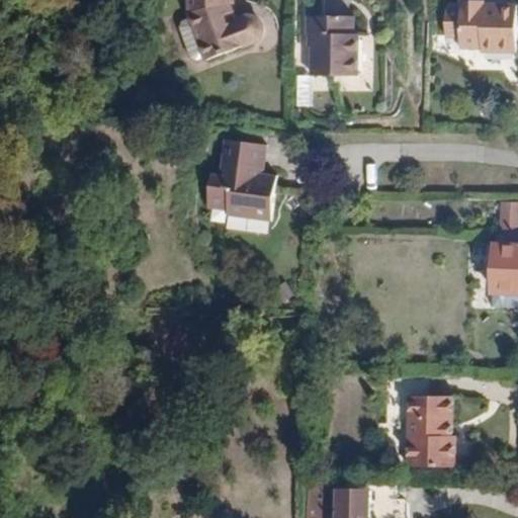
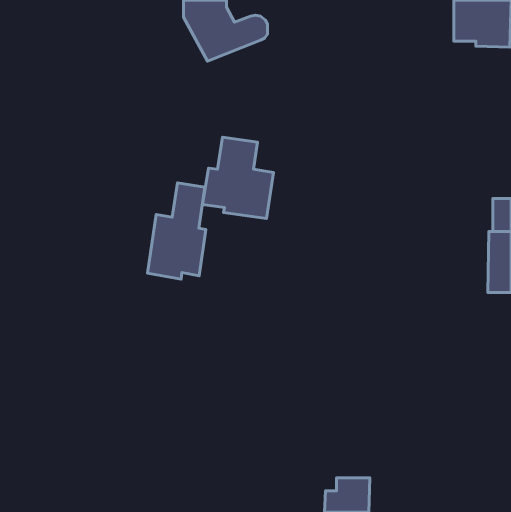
building: [306,18,357,76] -> none
building: none -> [147,183,206,279]
building: [400,377,457,470] -> none

